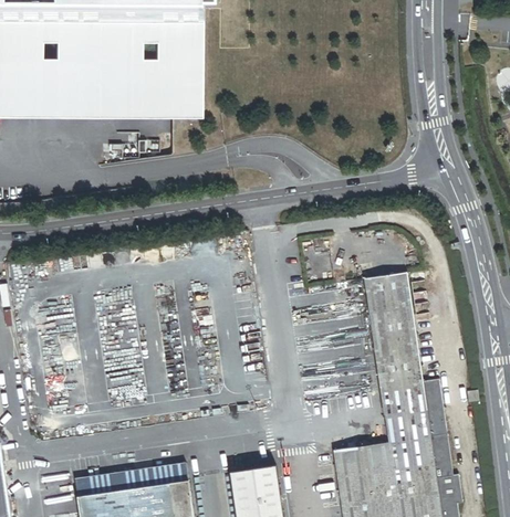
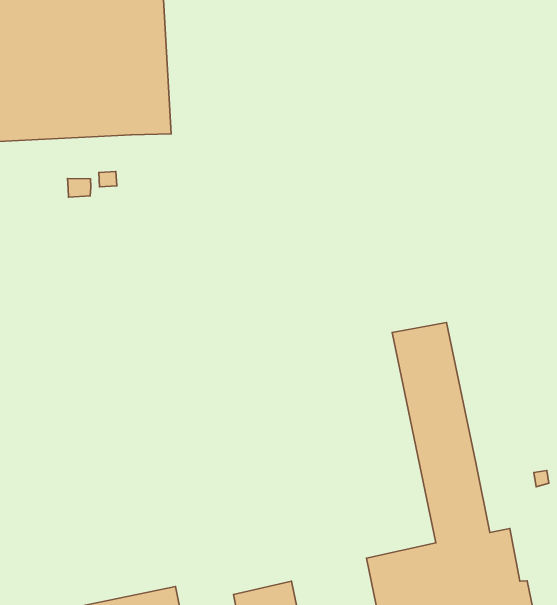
building: [423,380,446,436] -> none

